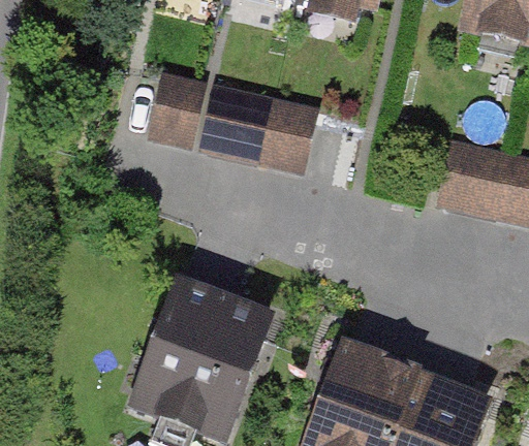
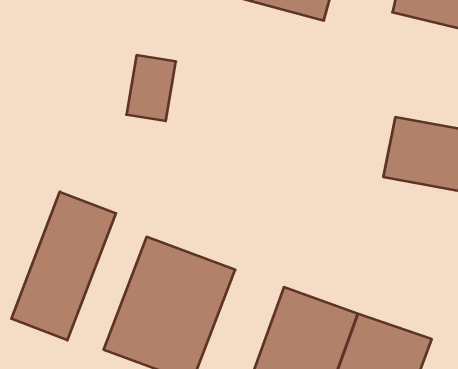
building: [205,85,323,173] -> none
building: none -> [11,192,116,340]

